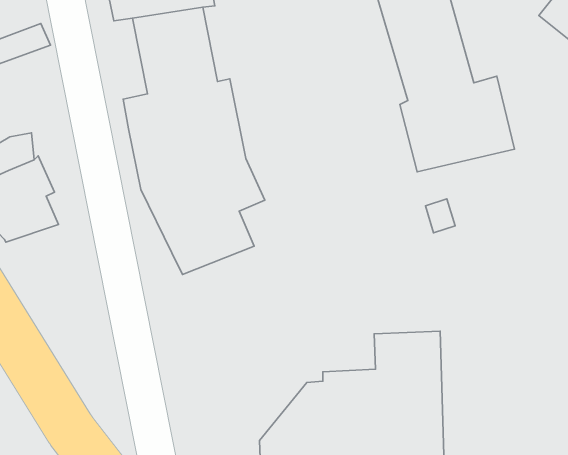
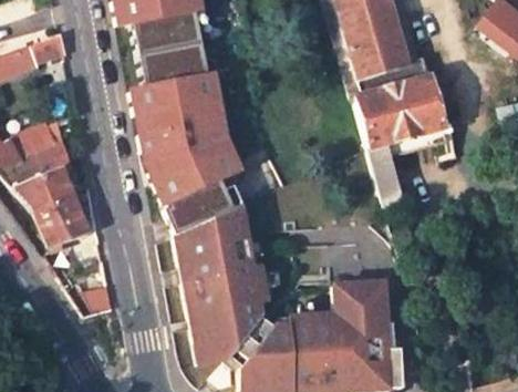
building: none -> [32,195,93,248]
building: none -> [177,207,266,368]

